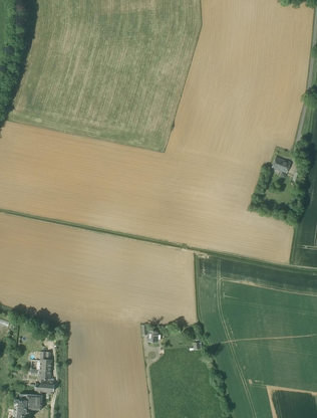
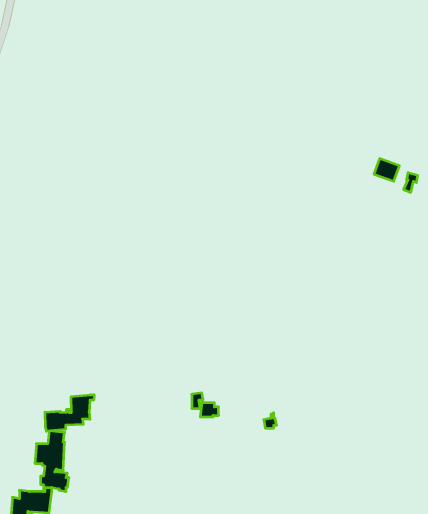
building: none -> [45,395,94,431]

